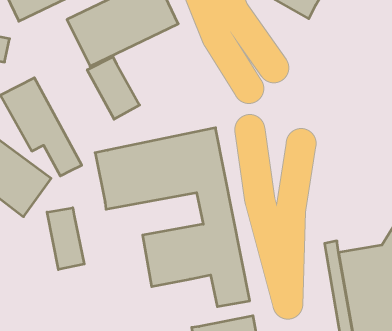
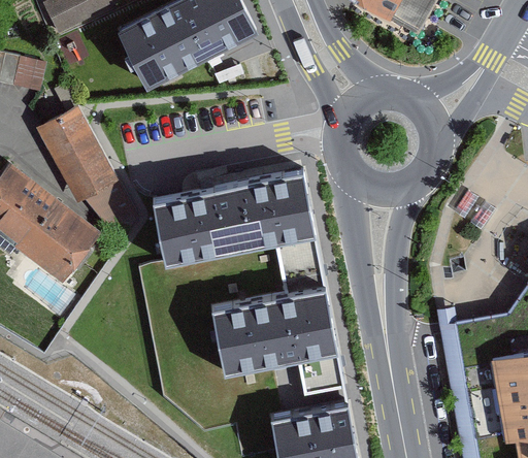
building: [87,57,140,119] -> none
building: [47,208,84,270] -> none

